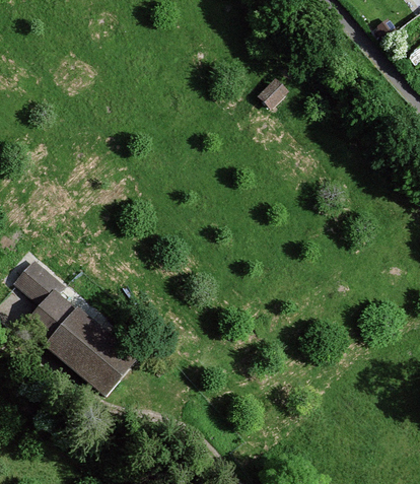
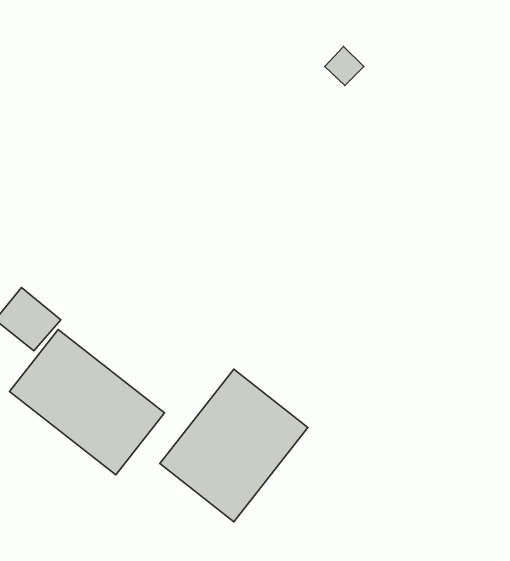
building: none -> [160,369,308,522]

